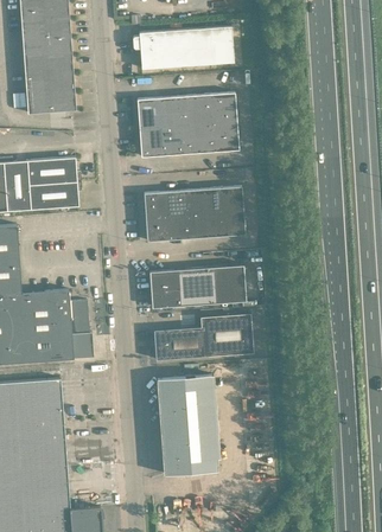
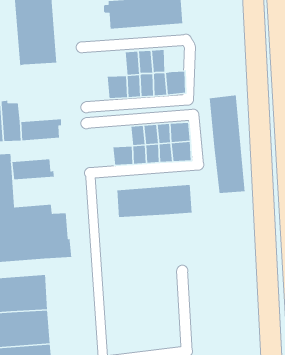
building: [210,92,236,123] -> none
building: [136,97,163,128] -> none
building: none -> [209,94,246,194]
building: [26,158,81,185] -> [12,159,55,180]
building: [144,191,170,217] -> none
building: [153,313,253,359] -> none
building: [157,374,217,474] -> none

